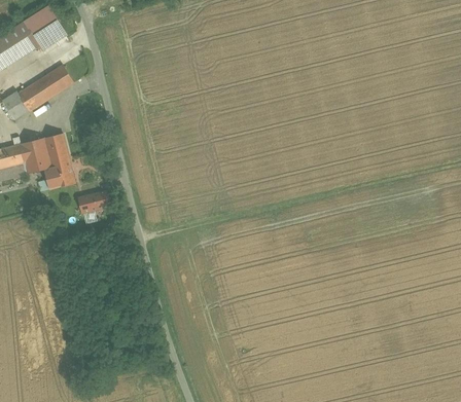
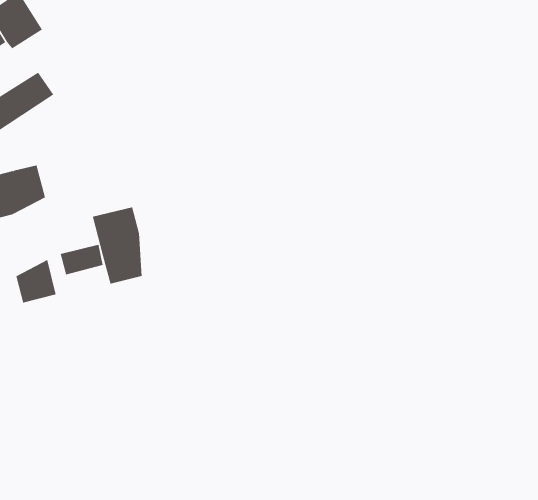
building: [44,156,74,188] -> [15,259,56,303]
building: none -> [92,207,142,284]

